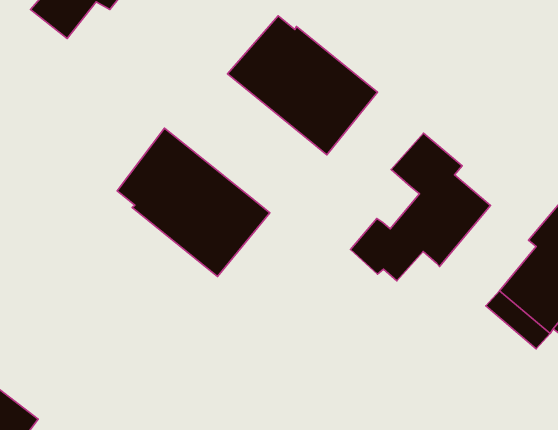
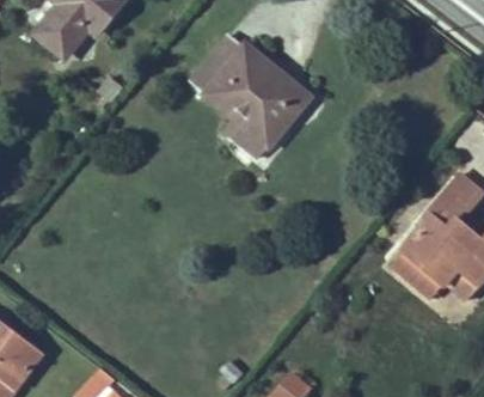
building: [117,128,270,277] -> none
building: [351,133,490,281] -> none

